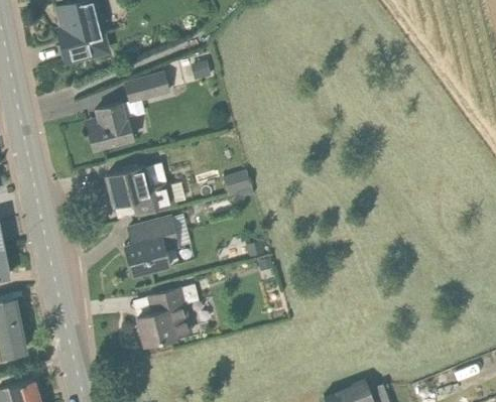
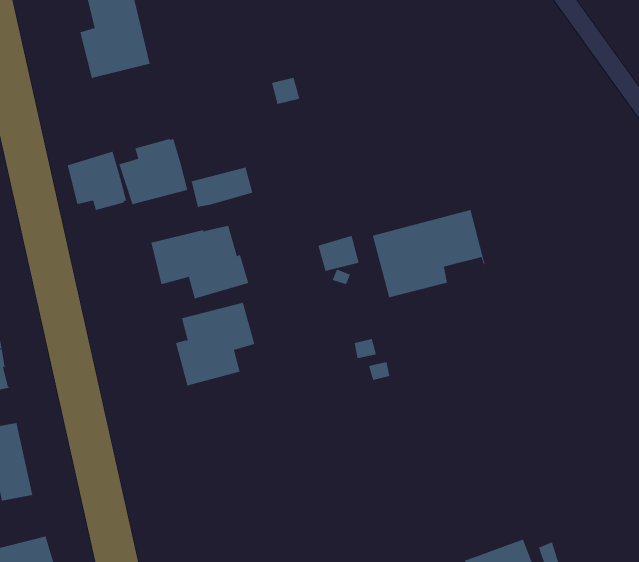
building: [126,75,169,103] -> [191,167,253,207]
building: none -> [67,151,127,211]
building: none -> [372,209,485,298]
building: [137,288,193,346] -> none

